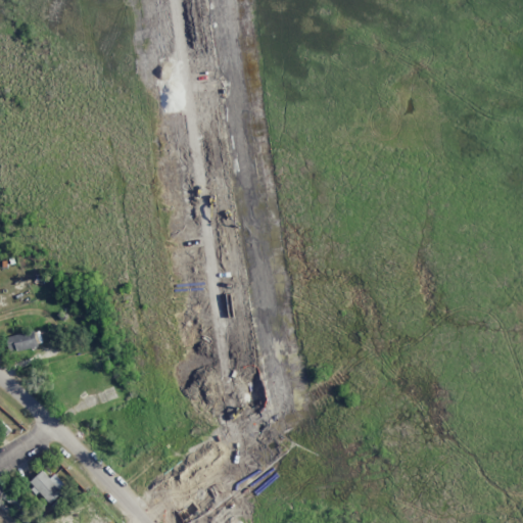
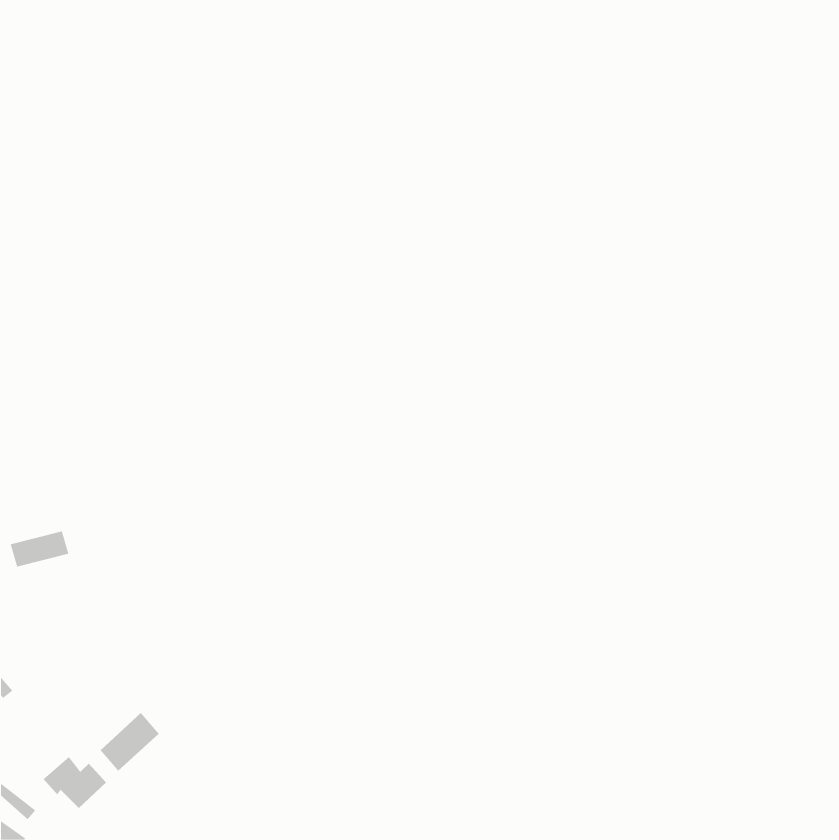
building: none -> [100,712,160,772]

